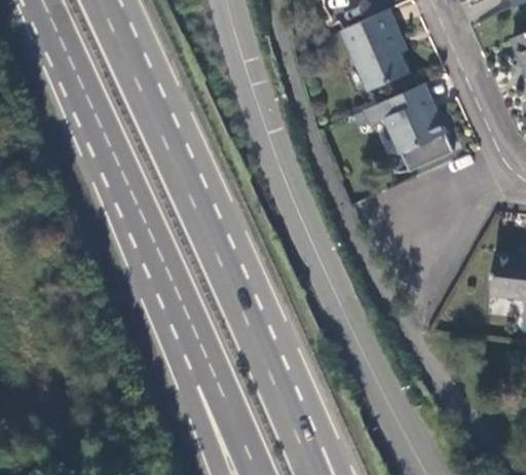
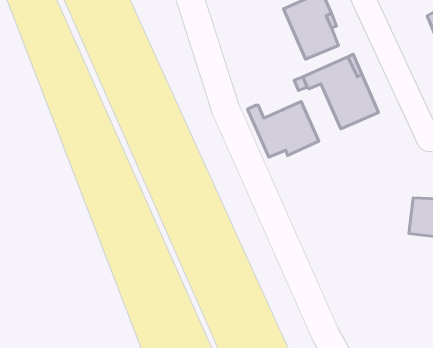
building: none -> [248,101,319,157]

